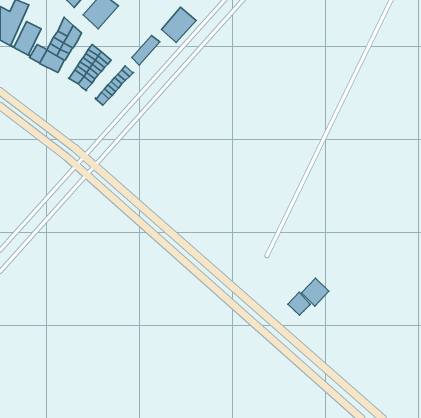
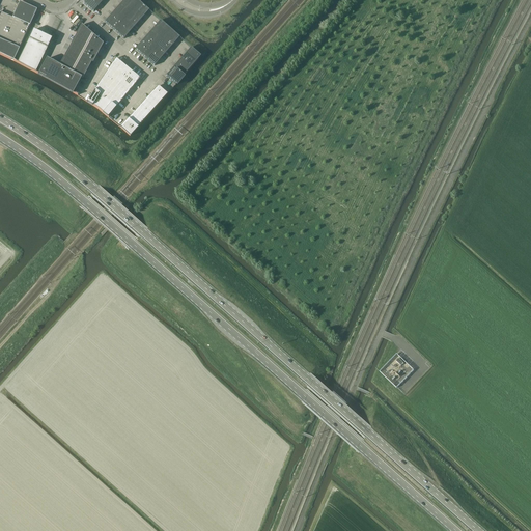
building: [161,7,196,43] -> [136,18,179,62]
building: [288,292,310,315] -> none

